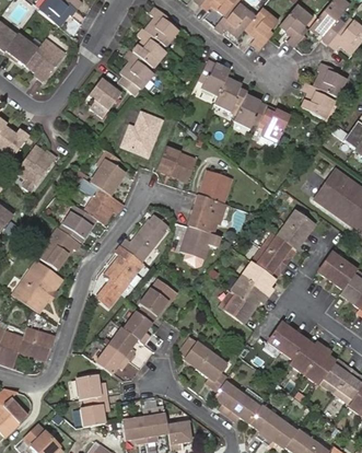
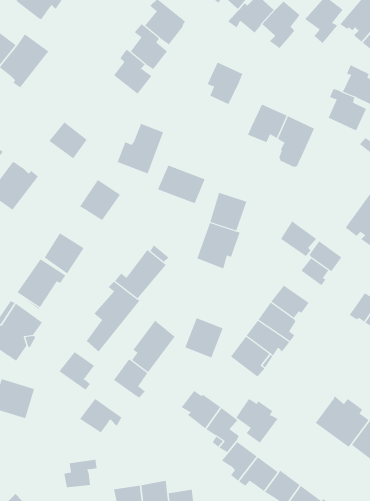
building: [86,77,119,108] -> [49,121,88,159]
building: [214,78,248,114] -> none
building: [84,183,125,222] -> none
building: [180,225,213,259] -> [185,318,224,358]
building: [264,232,294,263] -> [280,221,317,257]
building: [269,325,305,363] -> [236,398,279,444]
building: [105,326,136,359] -> [58,352,95,391]
building: [74,372,106,398] -> none

